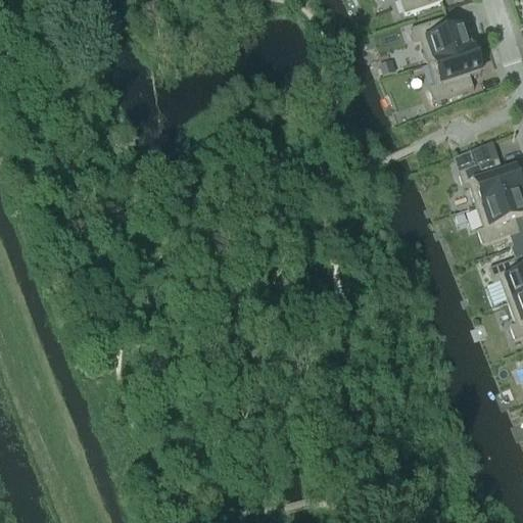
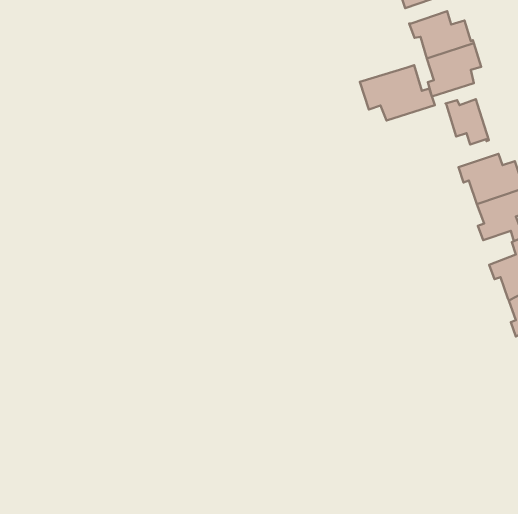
building: none -> [360,65,435,120]
building: none -> [446,99,489,145]

